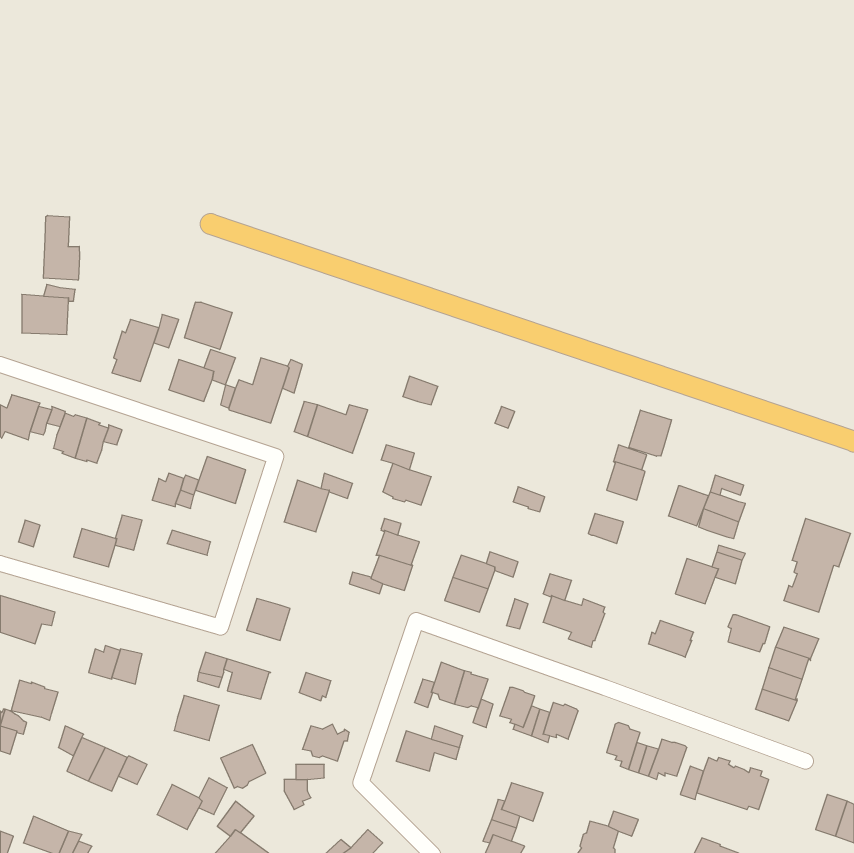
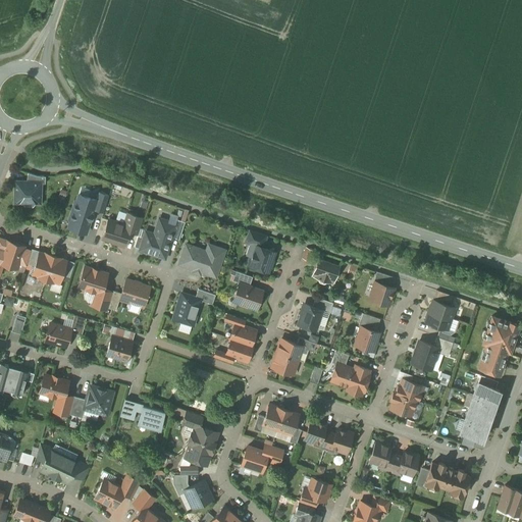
building: [44,215,79,280] -> none
building: [185,302,232,350] -> none
building: none -> [248,246,274,272]
building: [629,410,672,456] -> none
building: none -> [312,259,338,284]
building: none -> [79,267,107,295]
building: [668,486,708,526] -> [355,327,379,352]
building: none -> [298,304,322,330]
building: [247,599,290,640] -> [106,335,133,361]
building: [728,615,770,652] -> [390,394,416,416]
building: [11,680,58,720] -> [40,374,68,399]
building: [174,695,219,741] -> [85,386,112,414]
building: none -> [188,425,218,449]
building: [221,745,266,788] -> [185,481,212,508]

